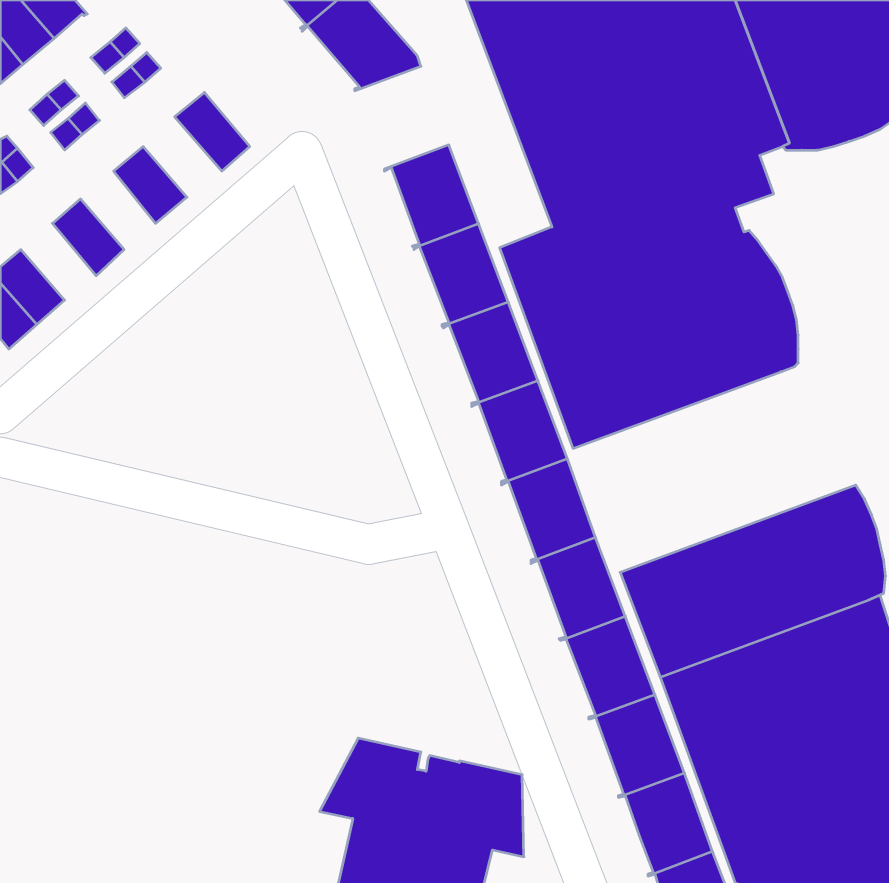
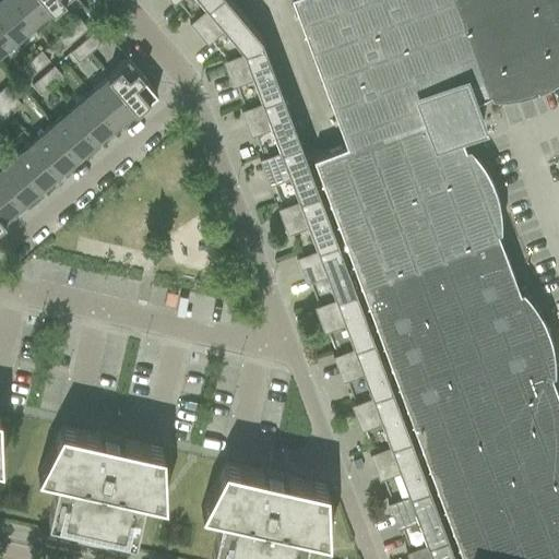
building: none -> [224,47,283,111]
building: none -> [92,79,141,129]
building: none -> [52,112,99,162]
building: none -> [15,145,62,193]
building: none -> [360,235,537,364]
building: none -> [38,431,167,545]

